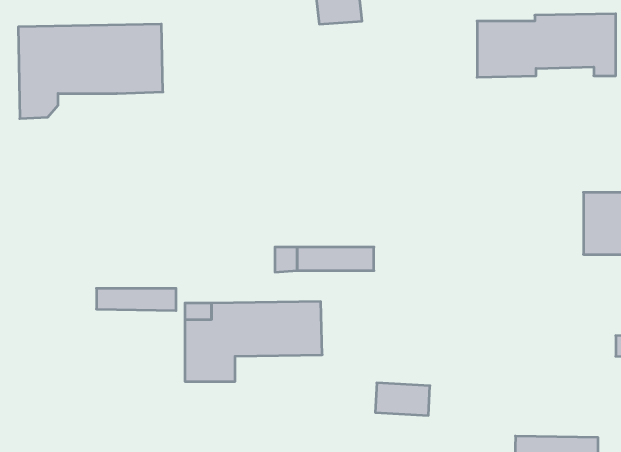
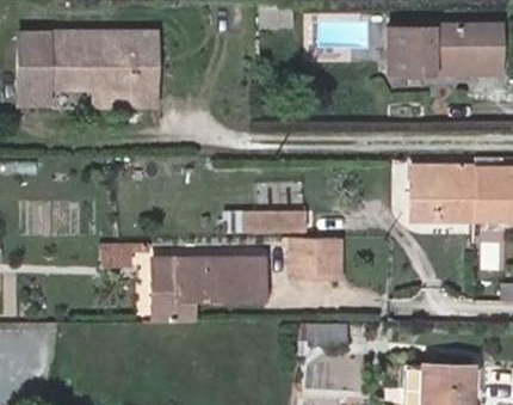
building: none -> [98,30,160,104]
building: none -> [412,167,475,217]
building: none -> [292,238,340,277]

